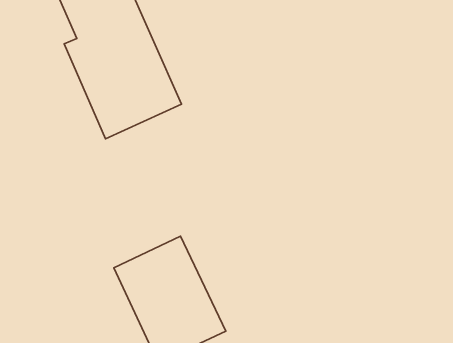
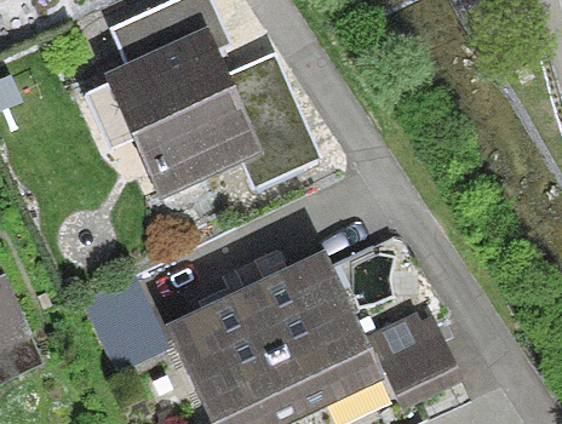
building: none -> [248,264,458,409]

